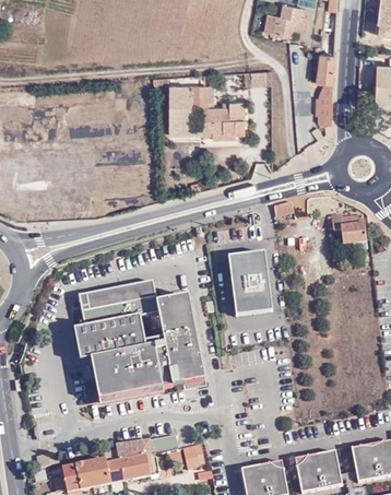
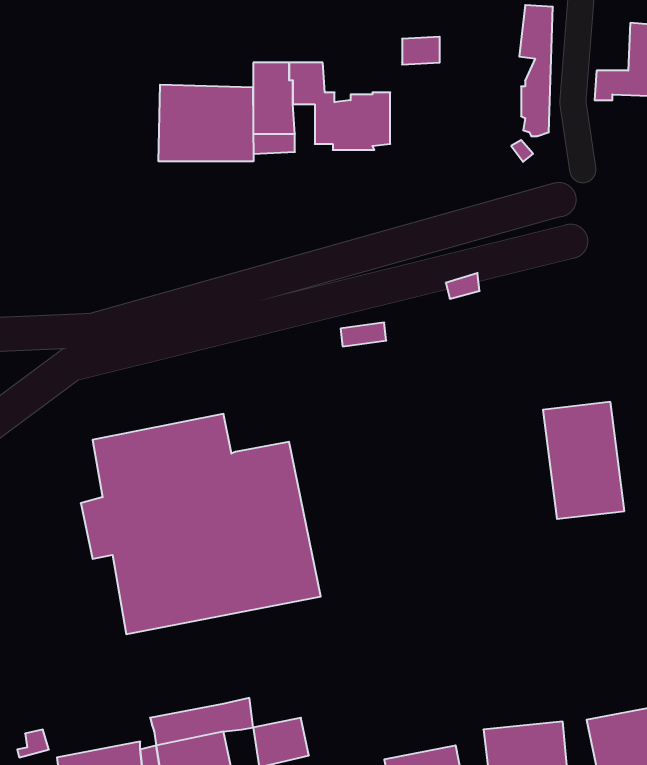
building: none -> [159,85,253,161]
building: [331,216,365,248] -> none
building: [228,247,273,311] -> [543,402,624,519]

